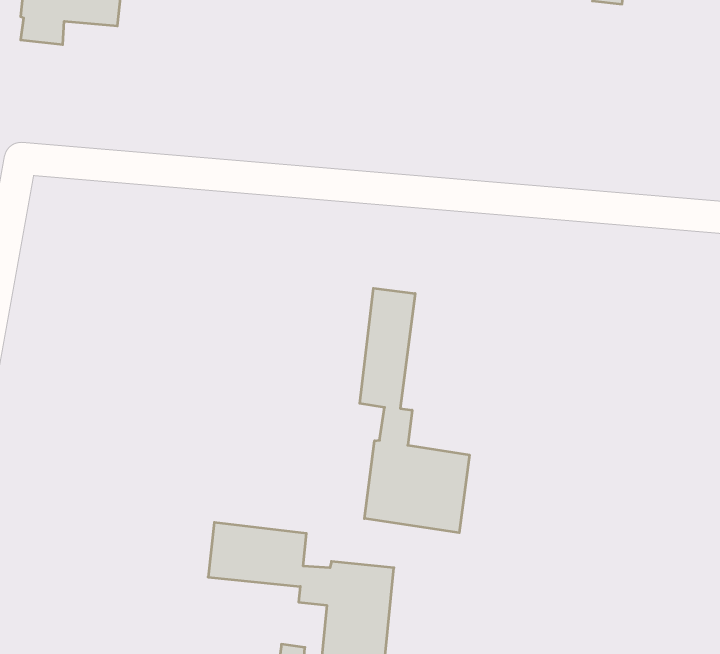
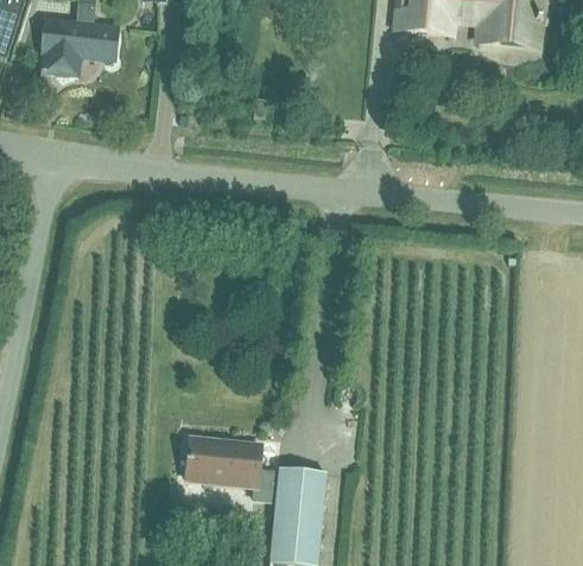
building: [360,288,469,533] -> none

